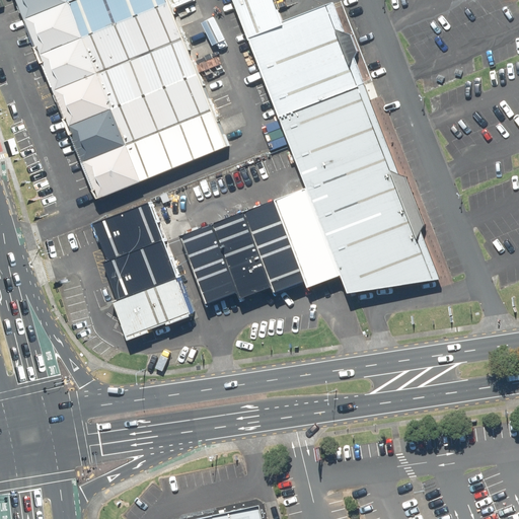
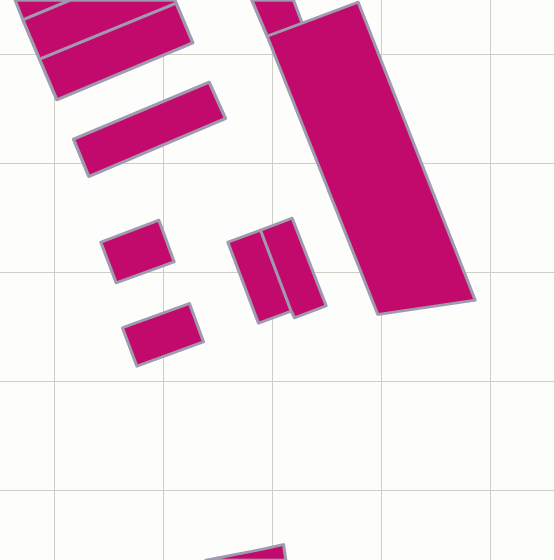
building: [53,40,194,129] -> none
building: [82,109,223,199] -> none
building: [271,191,335,289] -> none
building: [180,224,236,302] -> none
building: [102,242,175,302] -> none

